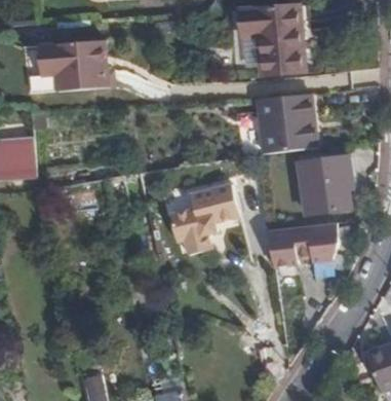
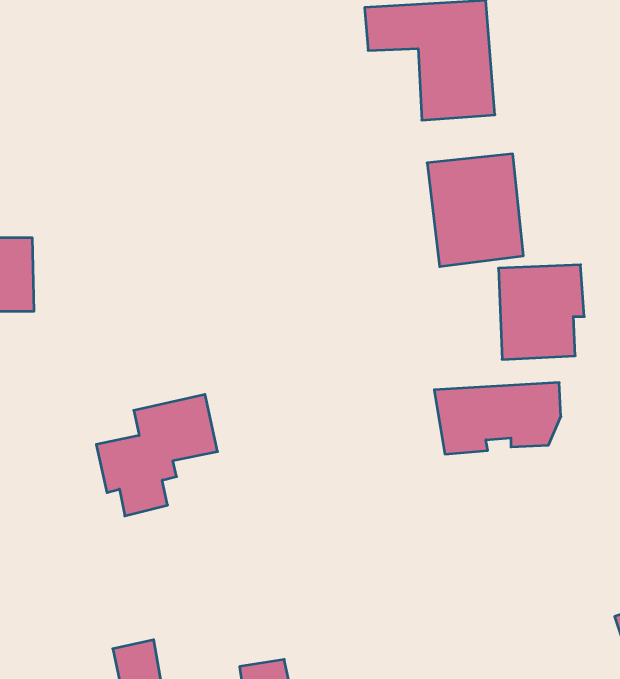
building: [37,32,107,87] -> none
building: [167,186,237,256] -> [96,394,218,516]

